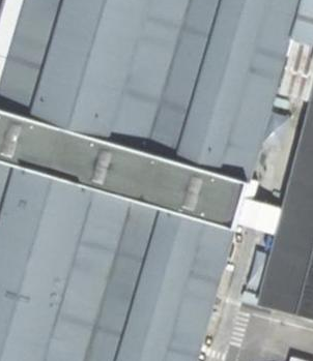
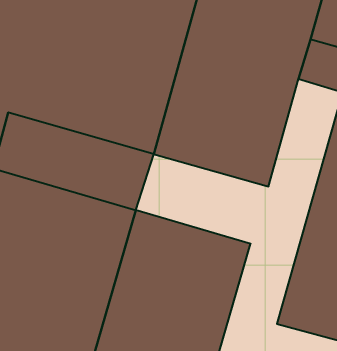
building: [135,155,250,233] -> none

